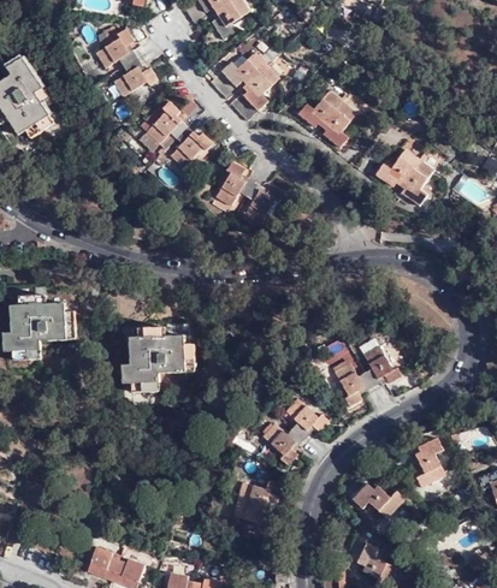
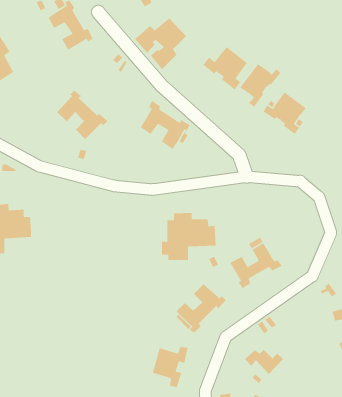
building: [146,101,213,166] -> [57,90,108,140]
building: none -> [239,63,281,108]
building: [123,326,195,390] -> [161,212,216,261]
building: [415,436,446,486] -> none

